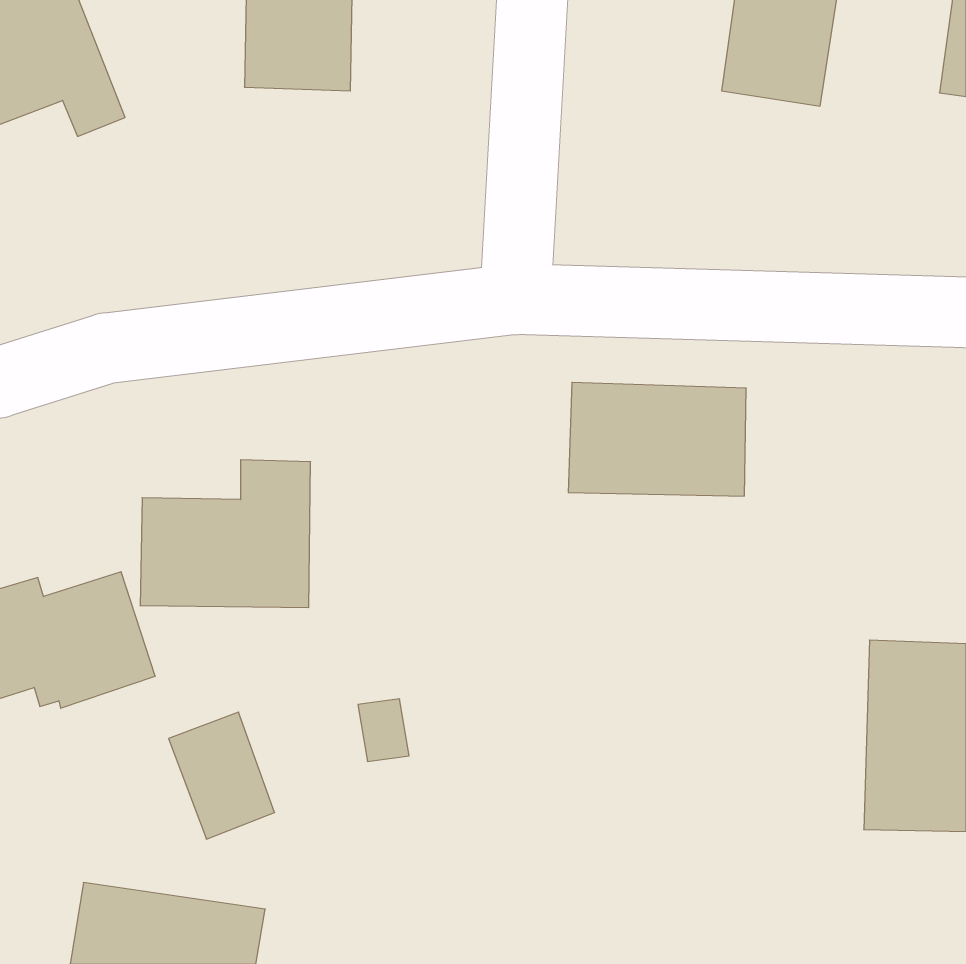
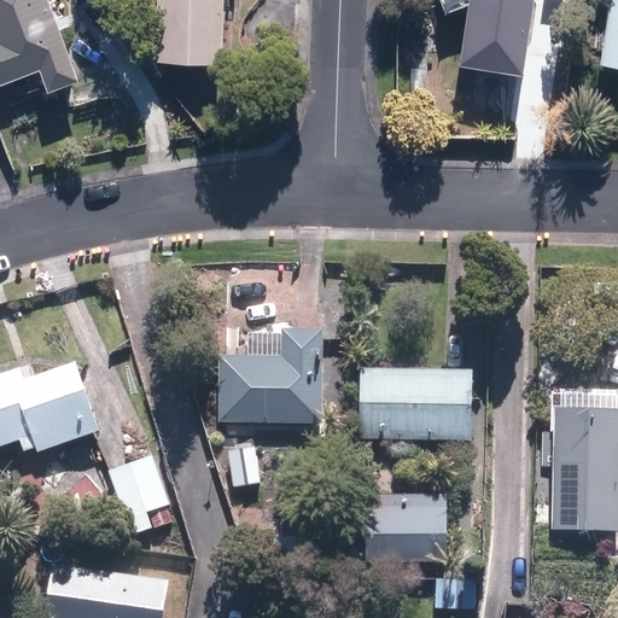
building: [568,382,746,496] -> [358,367,472,439]
building: [140,460,311,608] -> [217,330,326,424]
building: none -> [365,495,448,562]

